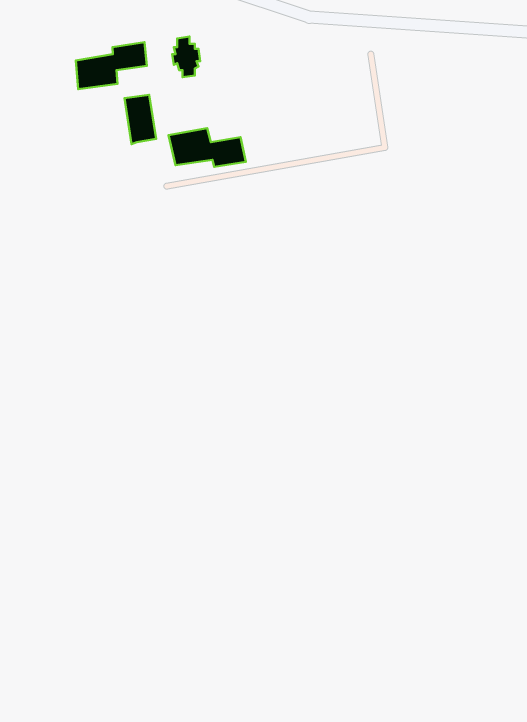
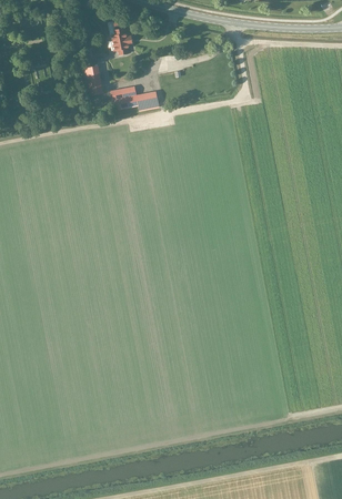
building: [76,42,147,89] -> none

